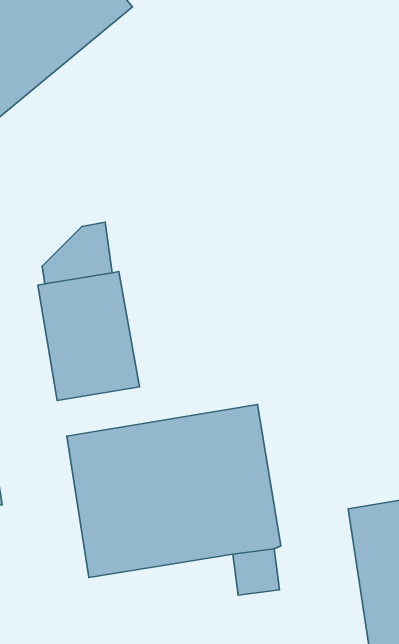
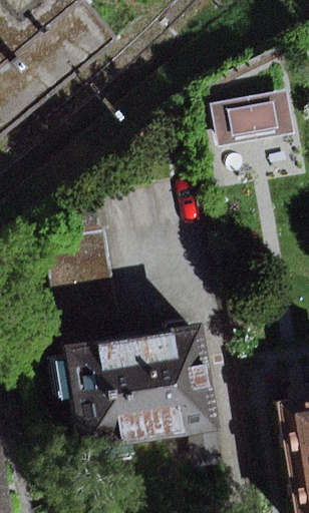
building: none -> [207,86,291,143]

